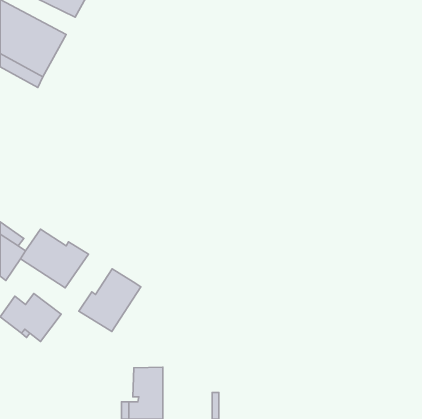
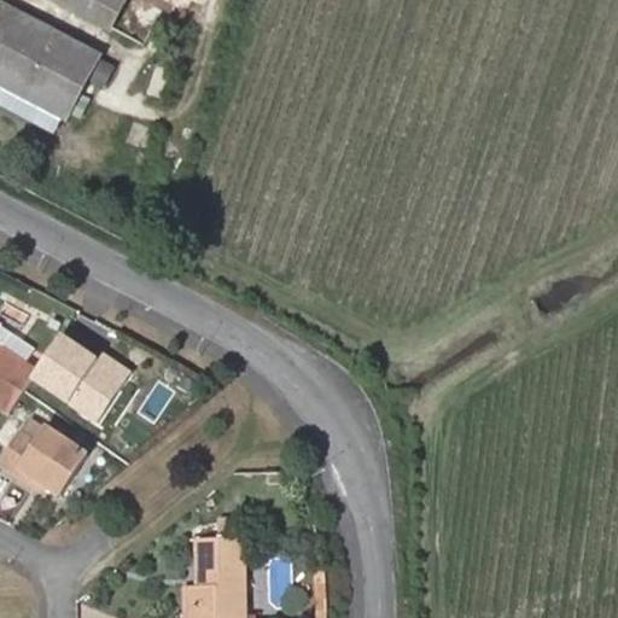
building: [79,269,141,332] -> none

